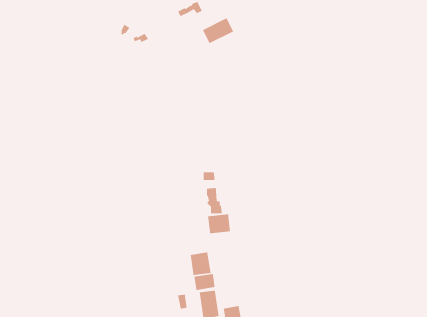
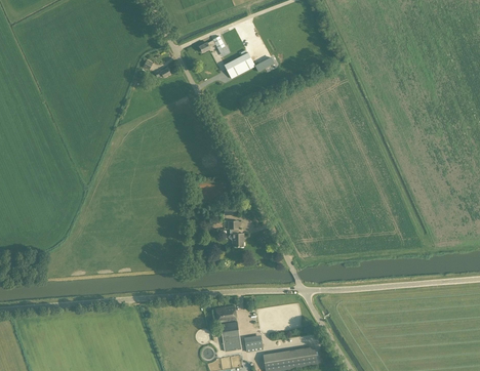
building: [207,213,231,234] -> none
building: [190,251,211,276] -> none

